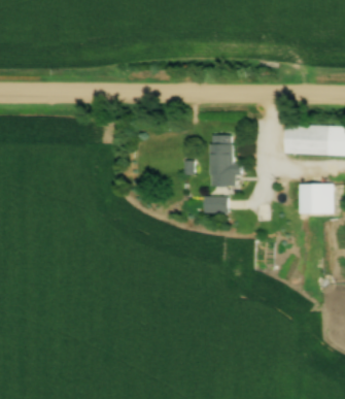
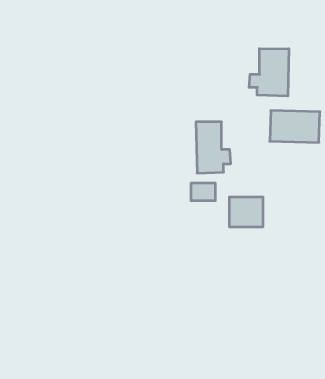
building: none -> [249,49,289,96]
building: [300,185,334,214] -> [229,197,263,227]

